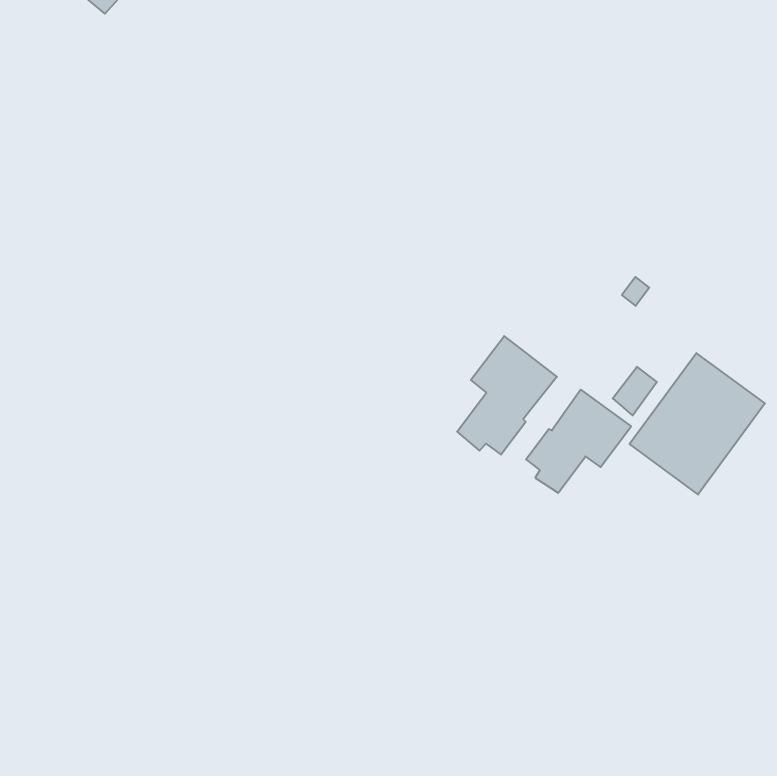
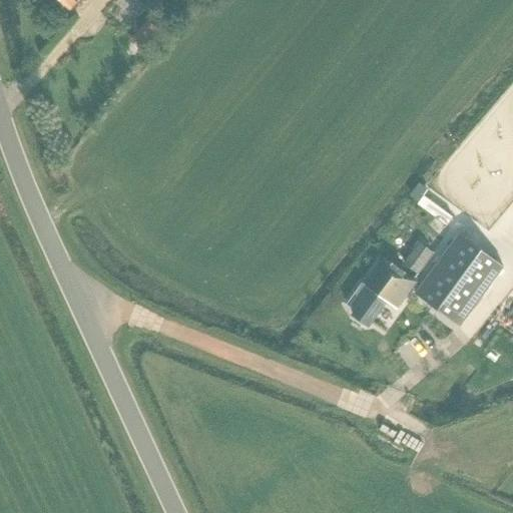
building: [457,336,557,455] -> none

